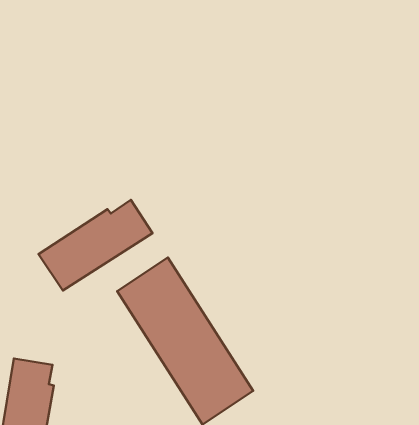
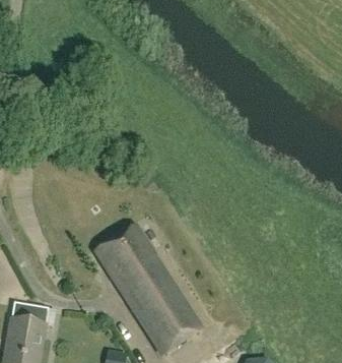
building: [39,200,152,291] -> none

